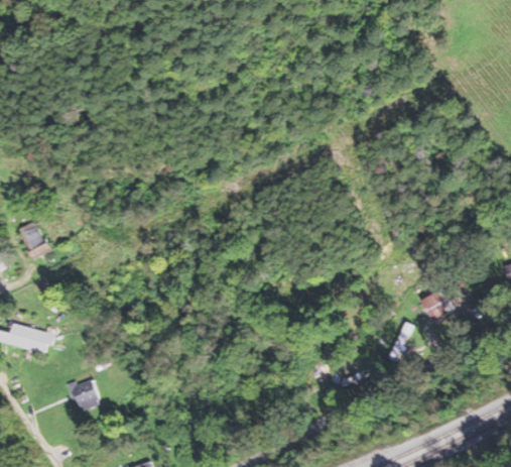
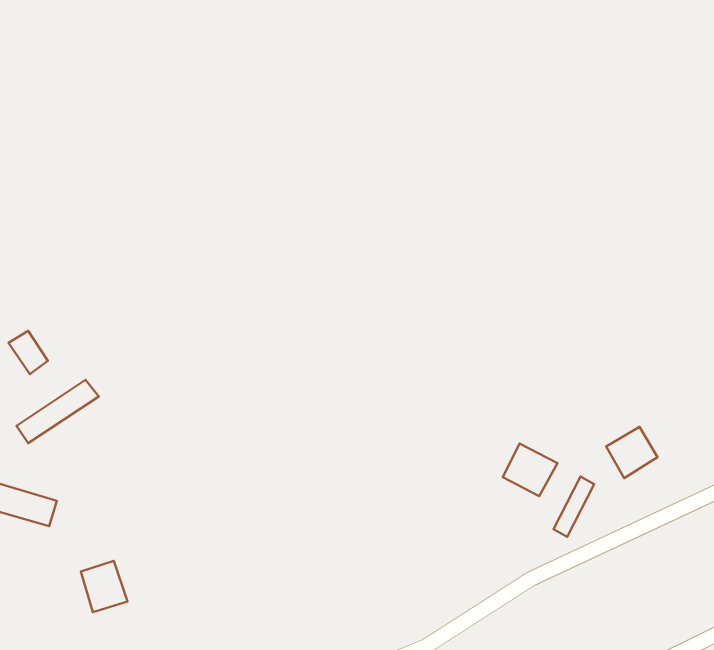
building: none -> [17,380,99,443]
building: none -> [503,444,558,496]

